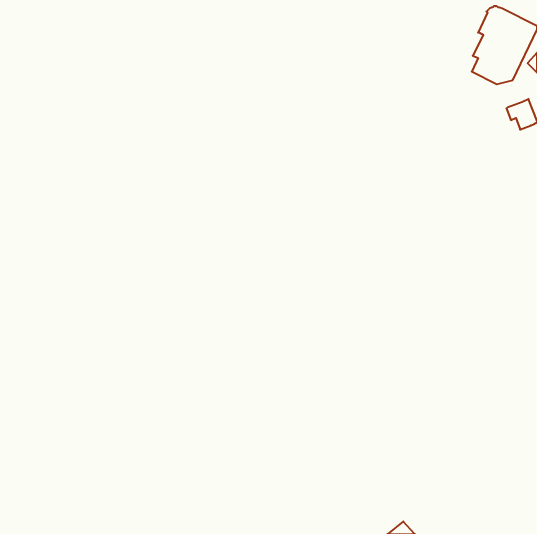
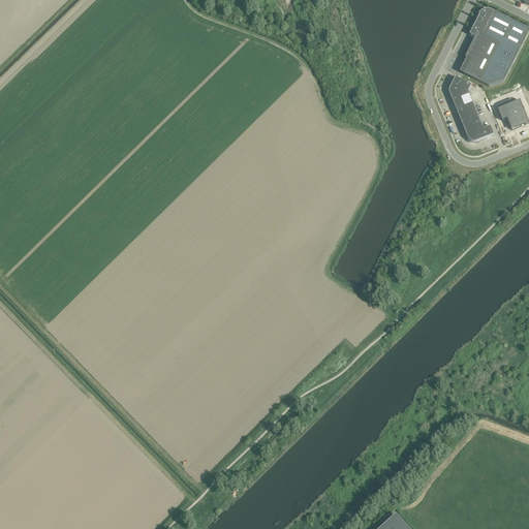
building: none -> [448,73,493,139]

